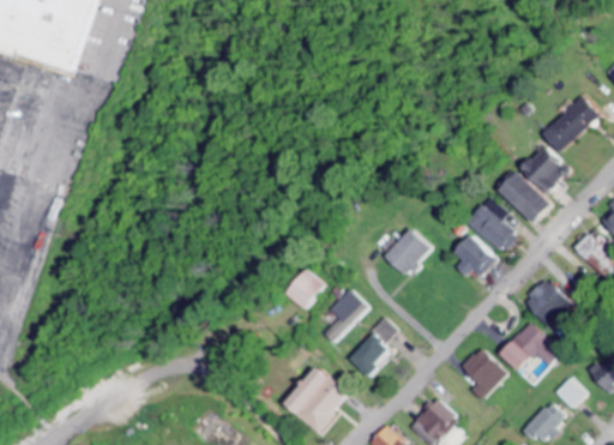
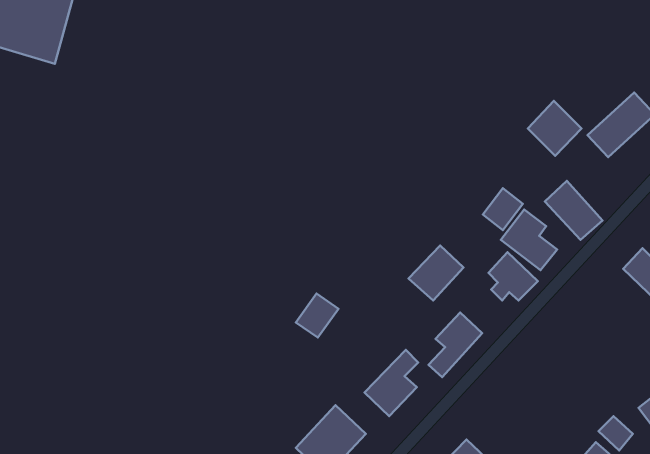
building: [525,146,572,194] -> [528,101,581,156]
building: none -> [483,188,523,230]
building: [523,278,570,326] -> none
building: [320,288,367,344] -> [429,313,482,377]
building: [502,321,559,372] -> none
building: [459,348,506,401] -> none

